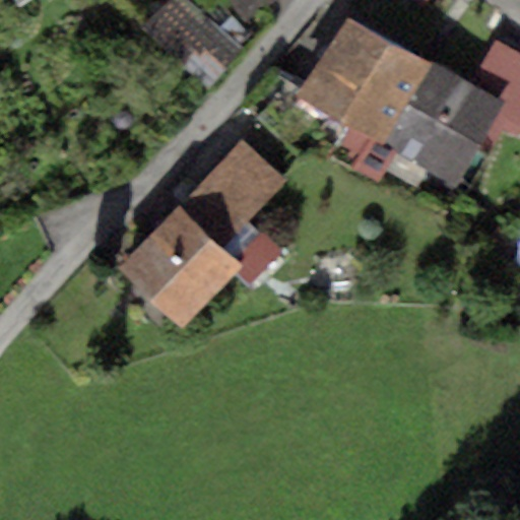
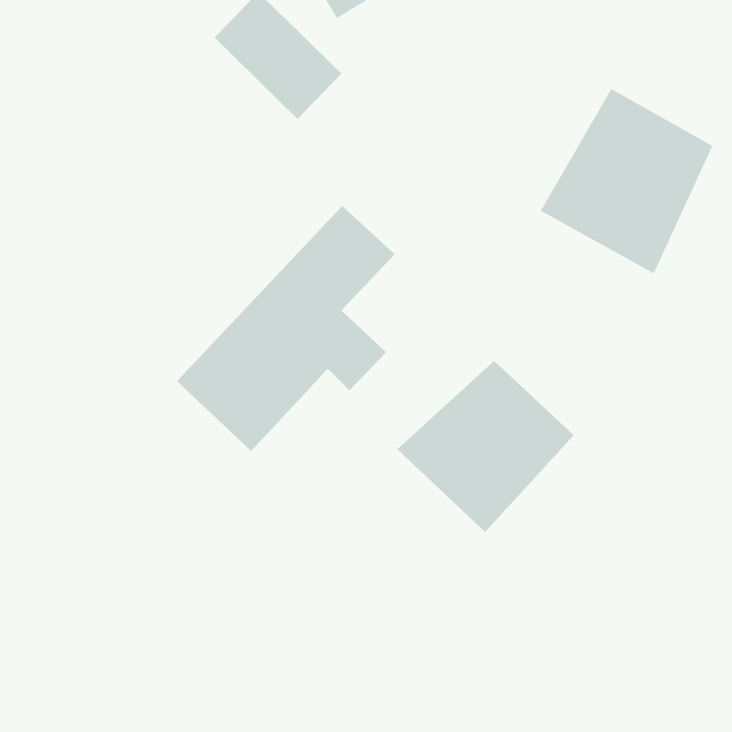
building: [298,15,430,148] -> none
building: none -> [396,360,574,533]

